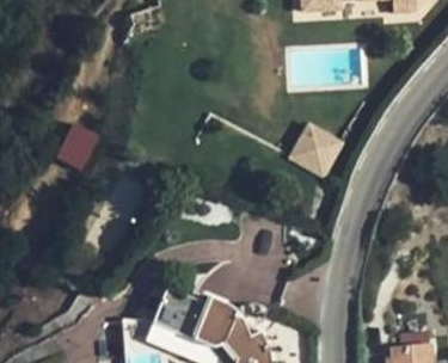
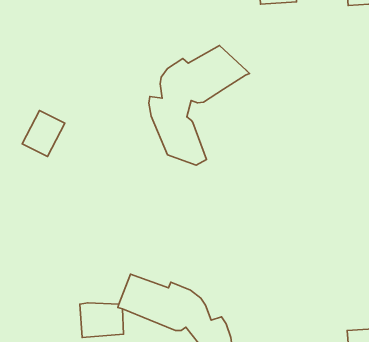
building: none -> [149,45,250,165]
building: [288,122,345,179] -> none

